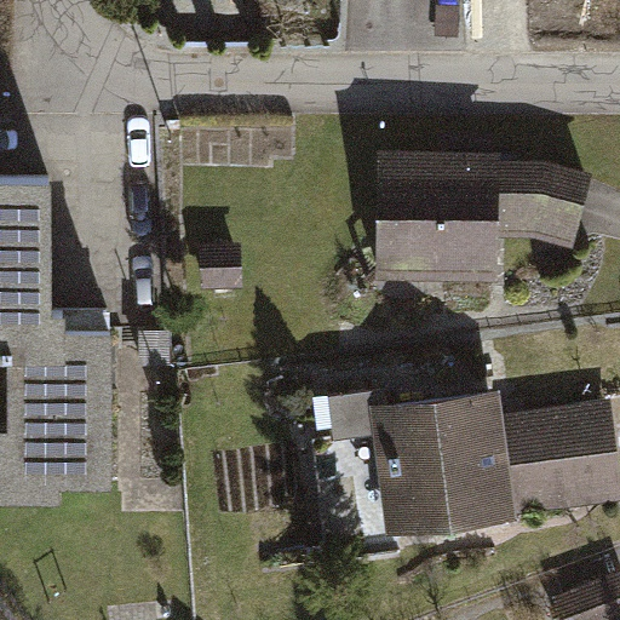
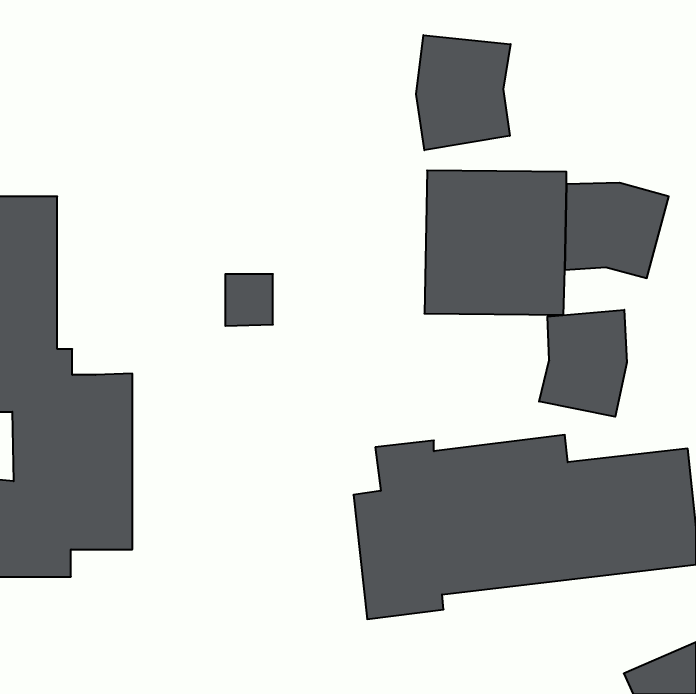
building: none -> [416,35,511,150]
building: none -> [539,310,627,417]

